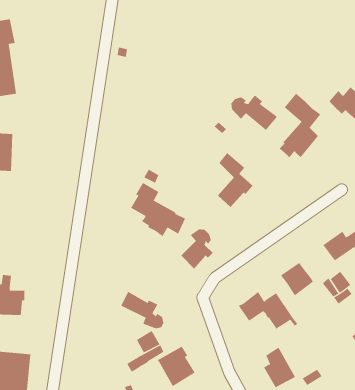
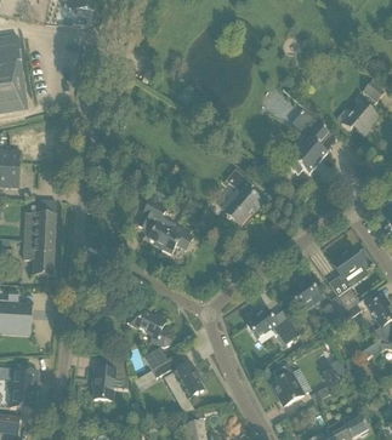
building: [231,95,278,131] -> none
building: none -> [23,199,56,274]
building: [180,229,214,269] -> none
building: none -> [93,353,127,400]

